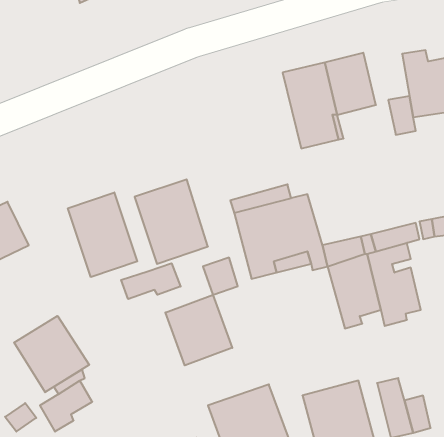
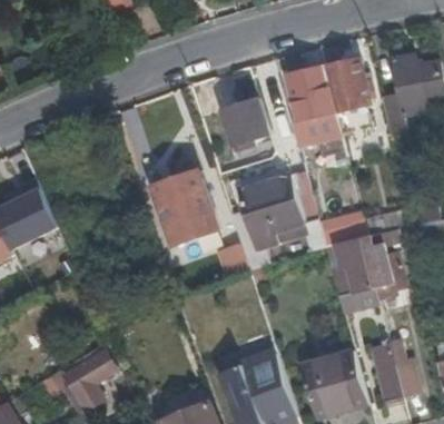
building: none -> [224,99,269,151]
building: [68,192,137,277] -> none
building: [121,263,181,299] -> none
building: [165,295,232,365] -> none
building: [14,316,89,392] -> none

